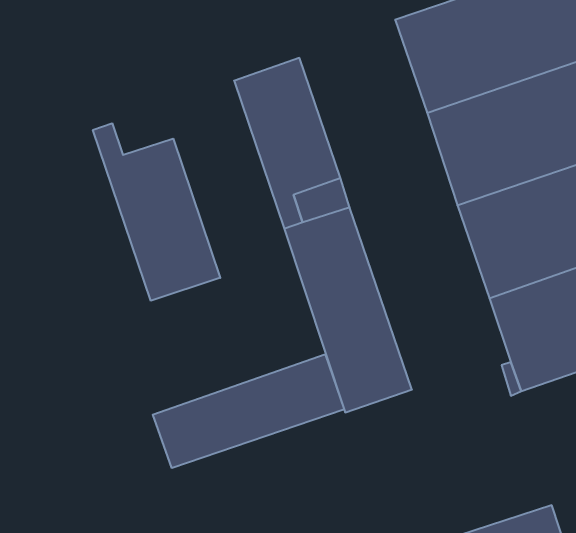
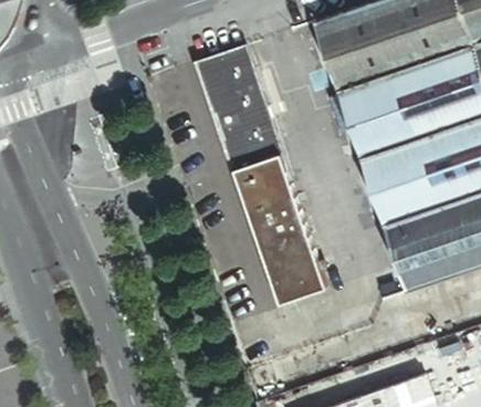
building: [93,123,220,301] -> none
building: [153,354,344,468] -> none

